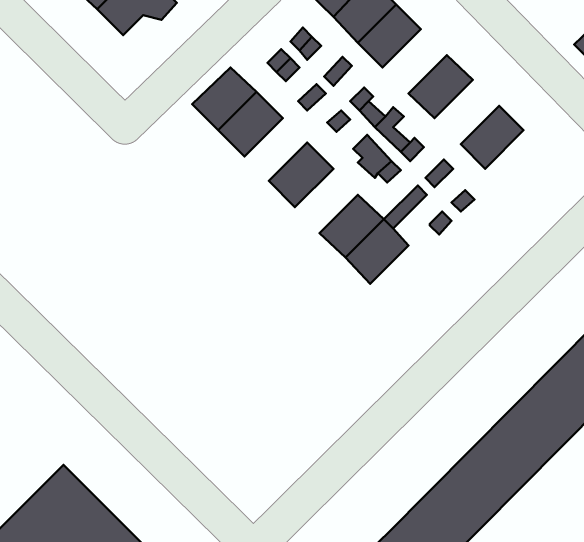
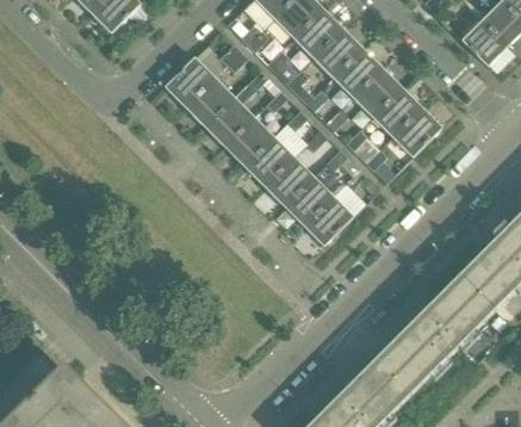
building: none -> [312,27,362,78]
building: none -> [353,67,403,117]
building: none -> [205,97,254,146]
building: none -> [392,106,442,156]
building: none -> [244,136,293,186]
building: none -> [303,196,353,246]

